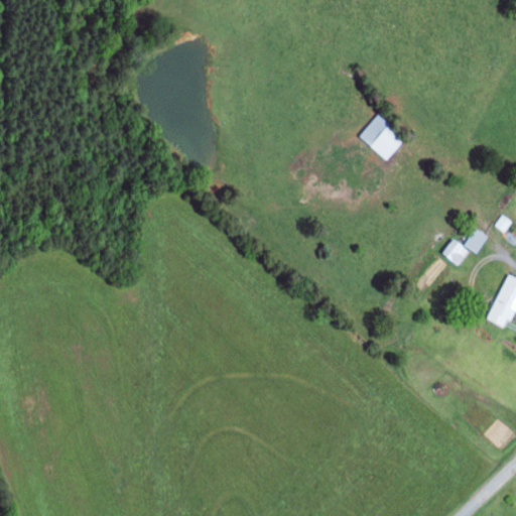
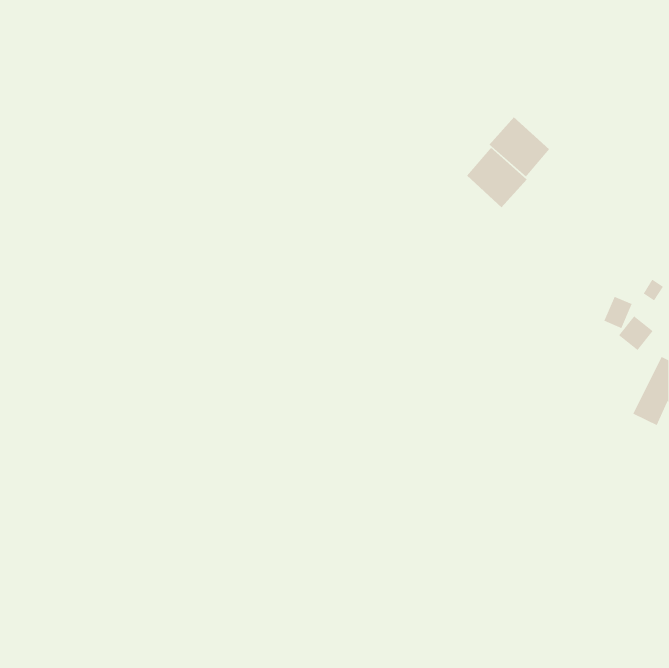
building: none -> [489,116,550,178]
building: [441,239,469,266] -> [618,316,654,351]

